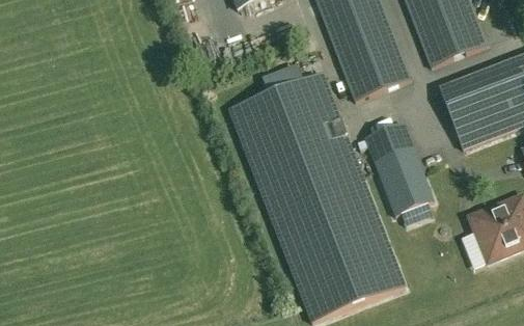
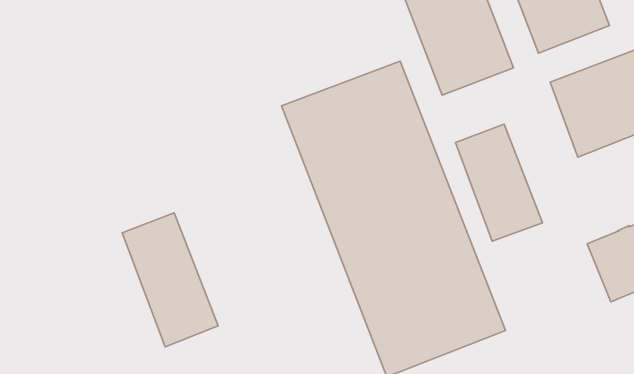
building: none -> [122,213,218,347]

